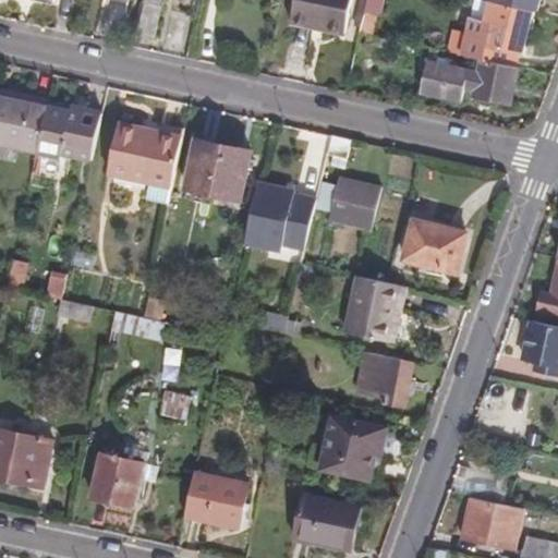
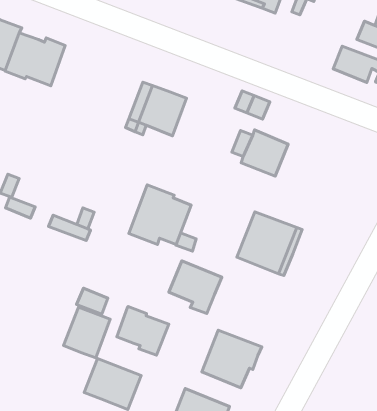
building: [108,121,179,184] -> none
building: [245,179,314,247] -> [129,185,191,244]
building: [407,220,466,270] -> none
building: [353,352,413,410] -> [169,261,222,314]
building: none -> [117,307,169,355]
building: [93,451,143,508] -> [64,307,110,358]

